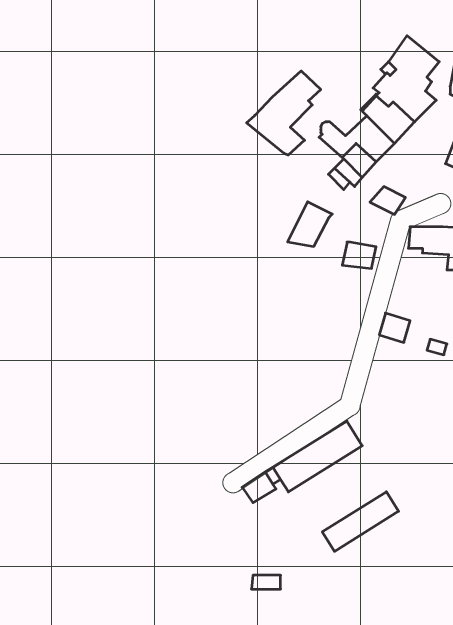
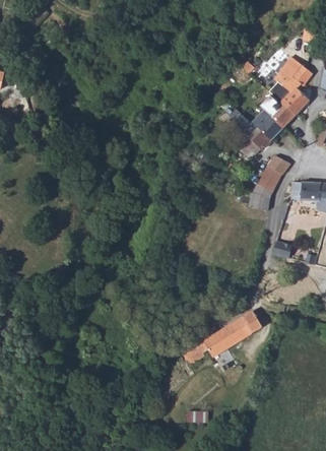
building: [247,71,321,155] -> none
building: [288,202,332,246] -> [253,166,282,195]
building: [322,492,399,551] -> none

